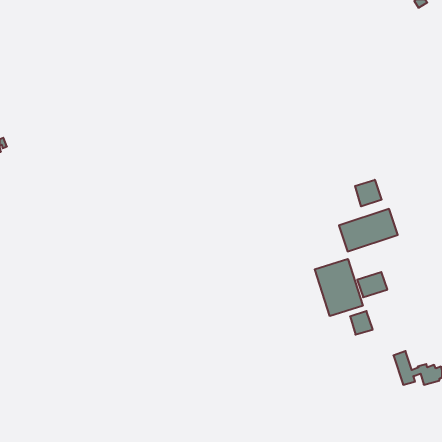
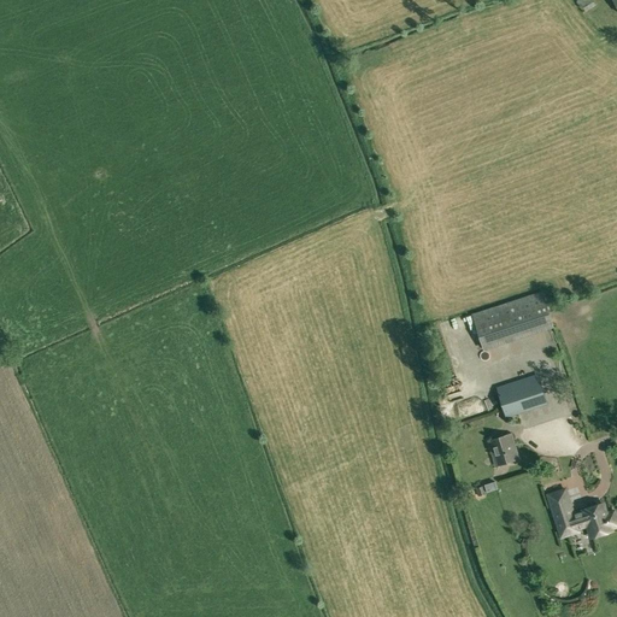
building: [355,180,382,206] -> none
building: [315,259,363,316] -> none

